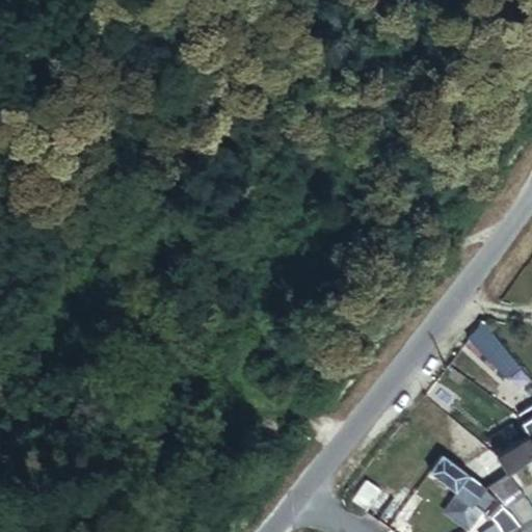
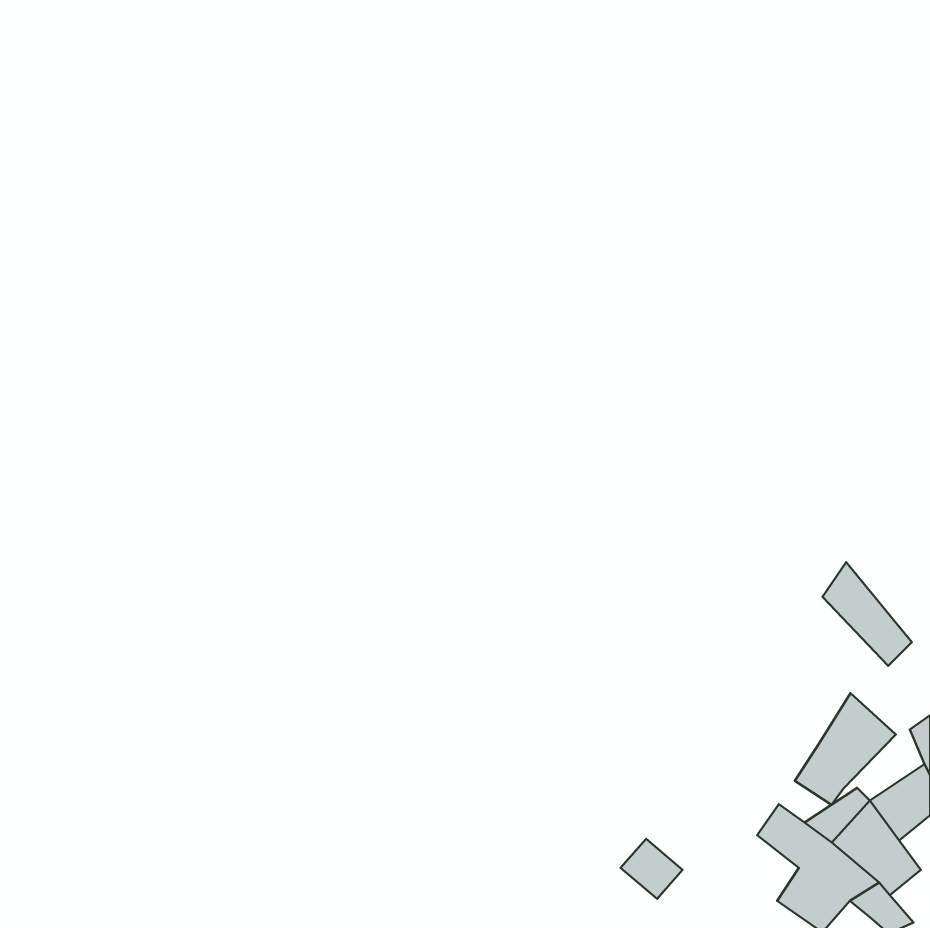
building: none -> [795,693,896,805]

